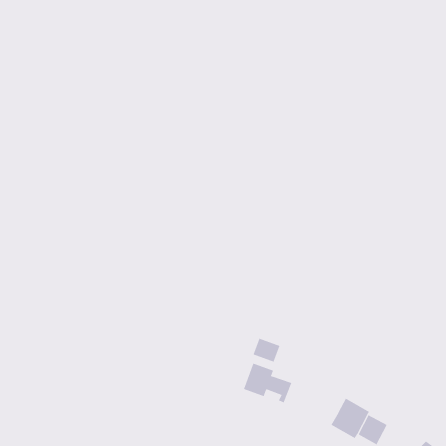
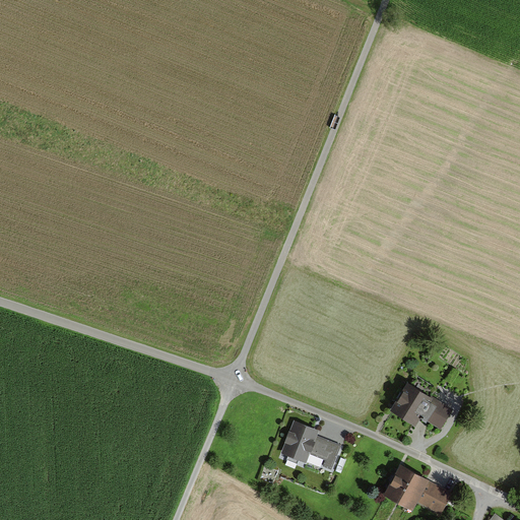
building: none -> [390,383,451,430]
building: [253,338,280,363] -> none

